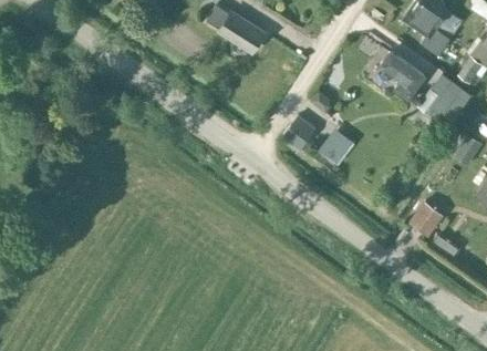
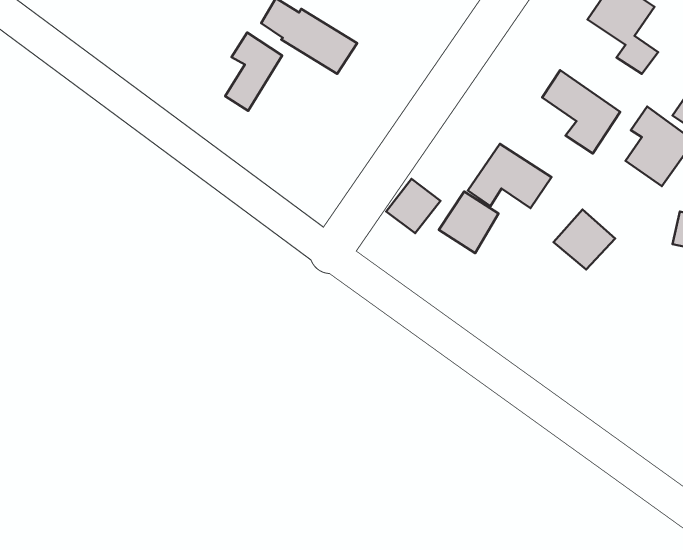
building: none -> [225,32,282,111]
building: none -> [468,144,551,208]
building: [406,197,444,234] -> [553,210,615,269]

